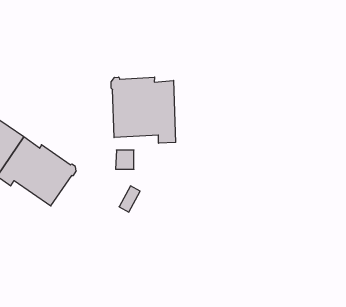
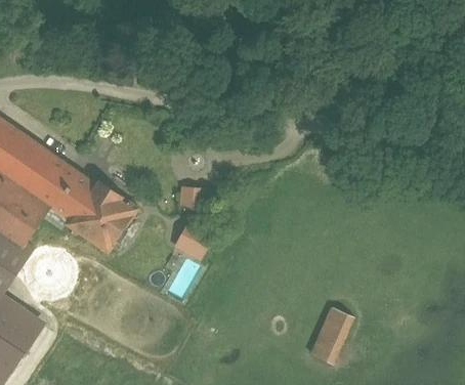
building: [111,77,176,143] -> none
building: none -> [311,307,353,363]

